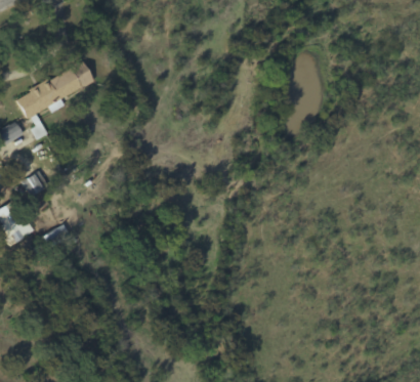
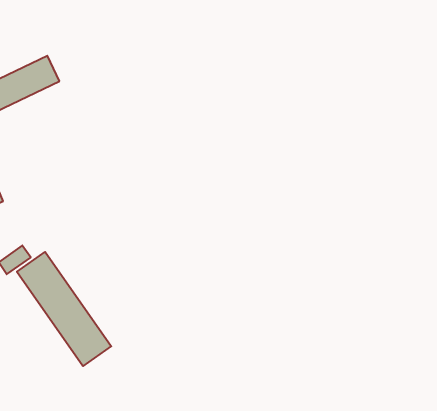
building: none -> [17,252,111,366]

